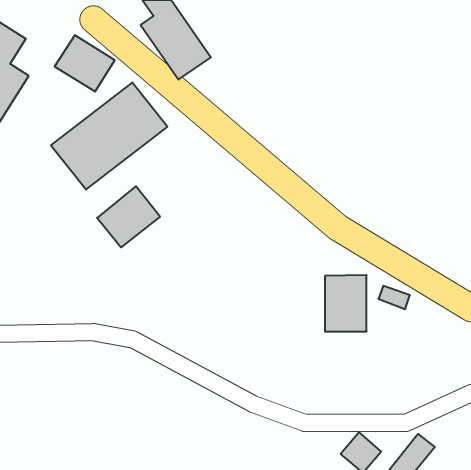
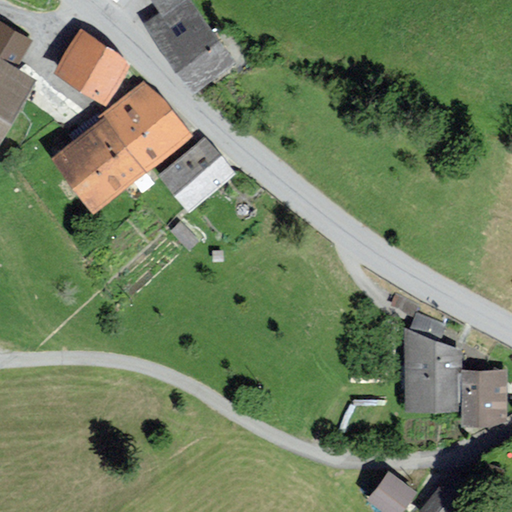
building: [97,186,160,247] -> [162,144,230,210]
building: [325,275,367,331] -> [408,341,453,402]
building: none -> [463,370,504,417]

